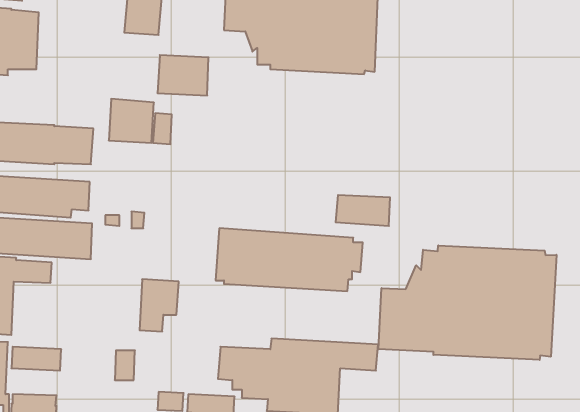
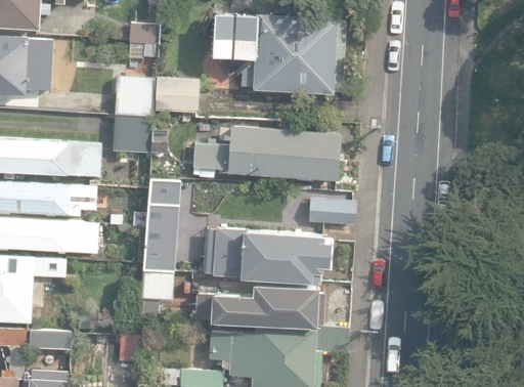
building: none -> [115,76,155,119]
building: none -> [191,126,340,181]
building: none -> [143,178,180,271]
building: [379,245,556,360] -> none
building: none -> [194,281,323,322]

